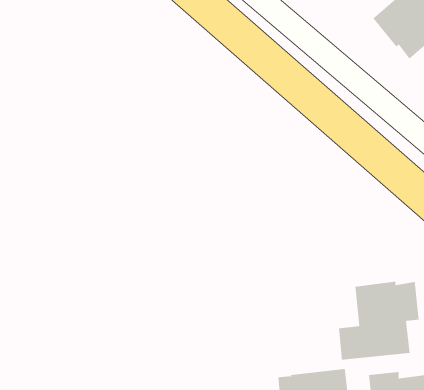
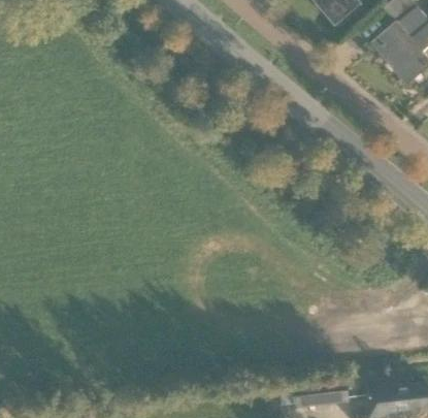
building: [339,281,419,360] -> none

